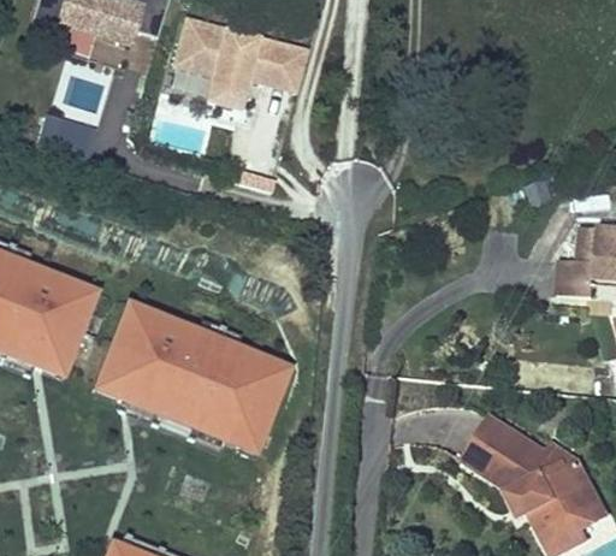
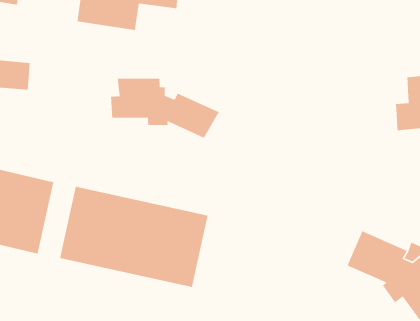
building: none -> [110,78,220,139]

